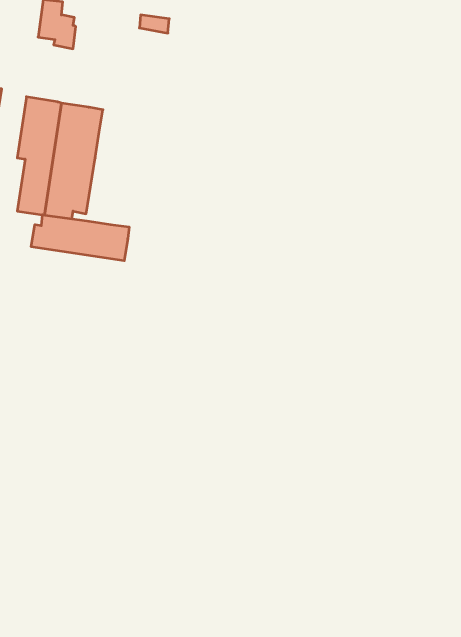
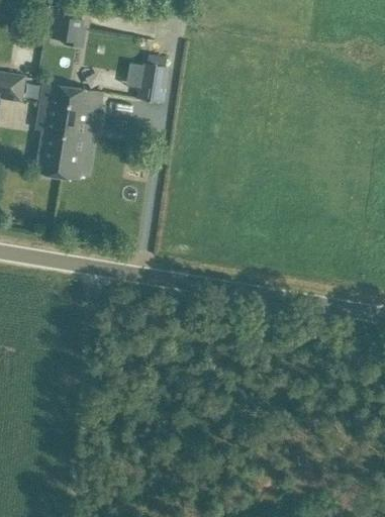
building: none -> [136,63,169,102]
building: [31,215,129,261] -> none

